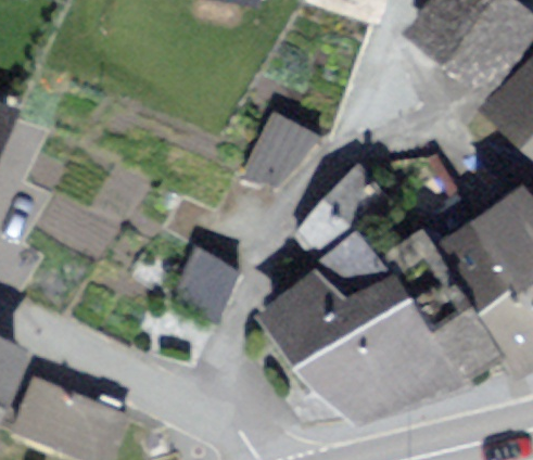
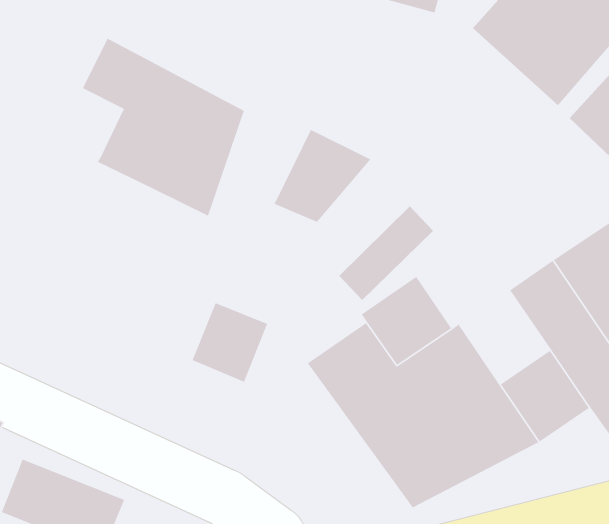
building: none -> [82,38,245,217]

